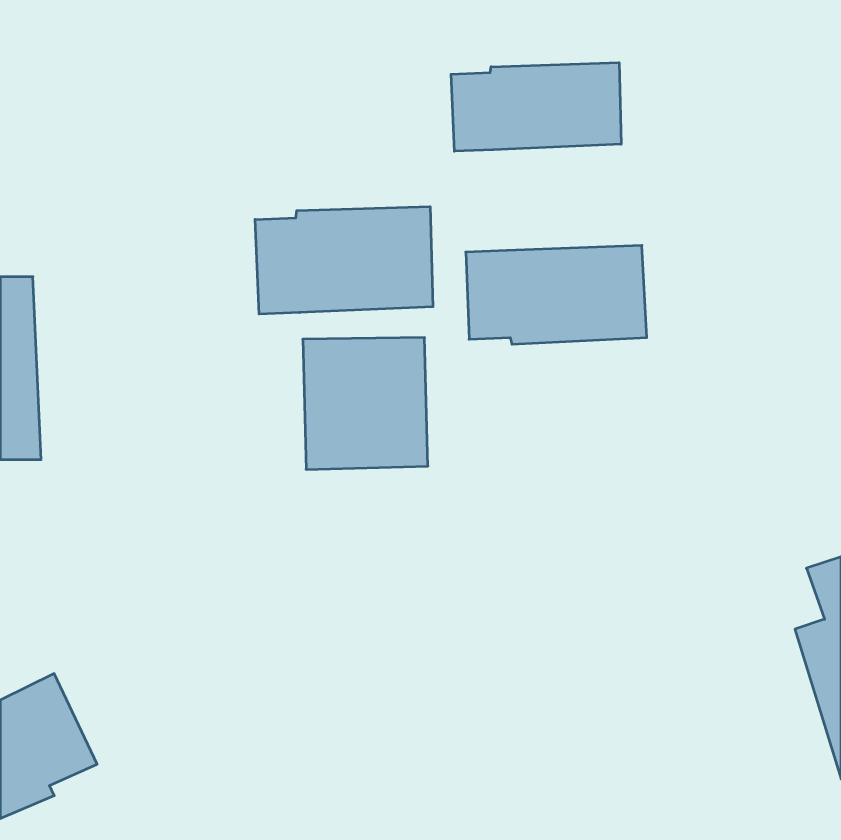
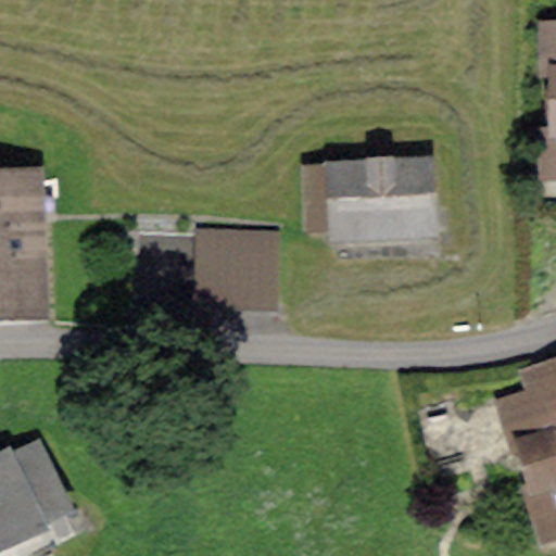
building: [451,63,621,151] -> none
building: [255,207,433,314] -> none

